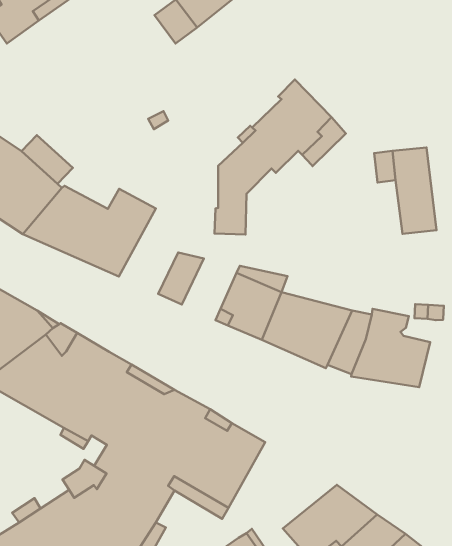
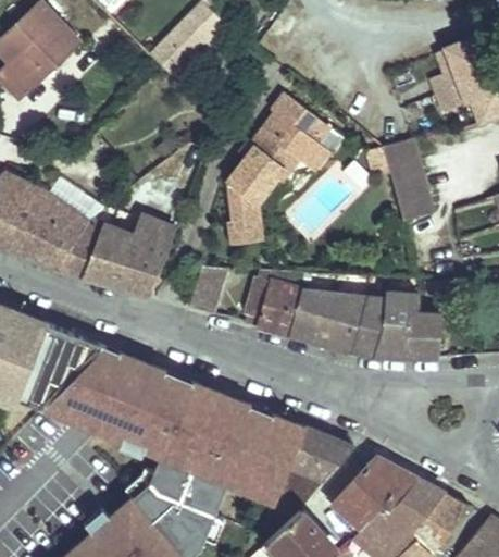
building: none -> [290,428,354,481]

